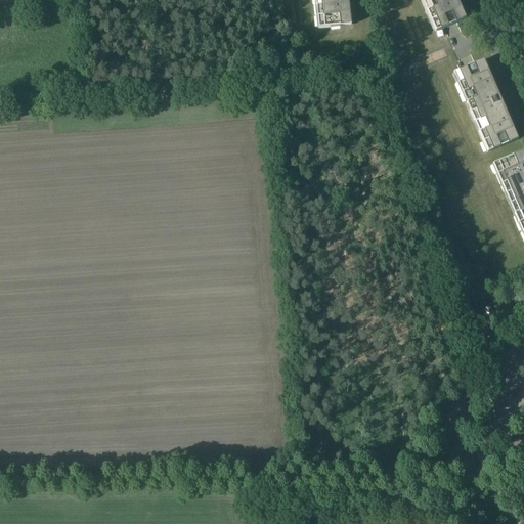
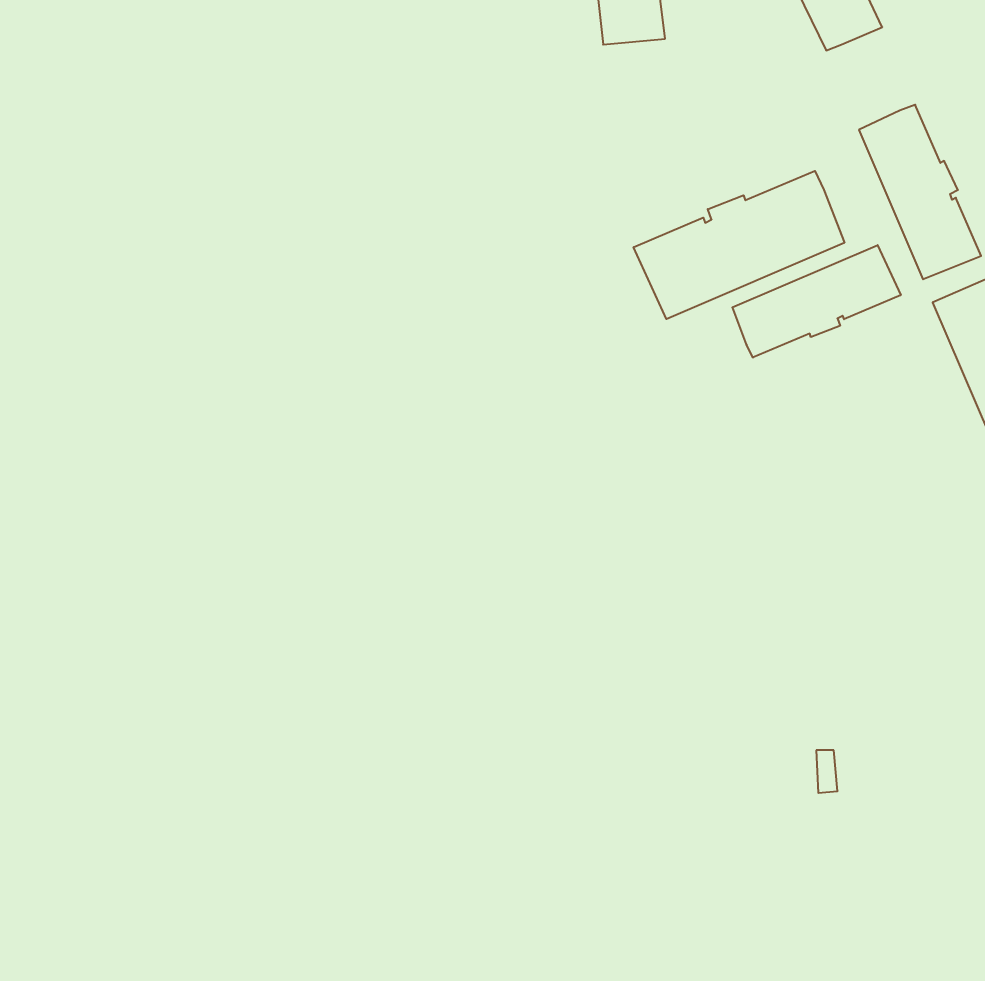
building: none -> [634,171,844,319]
building: none -> [732,245,901,358]

